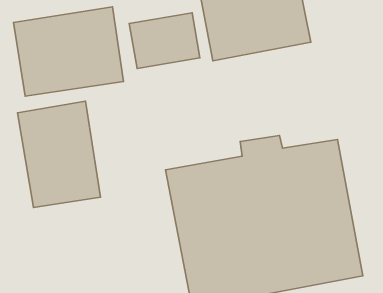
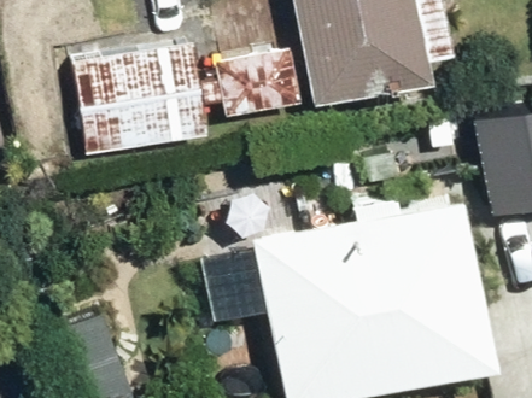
building: [18,101,101,208] -> none

